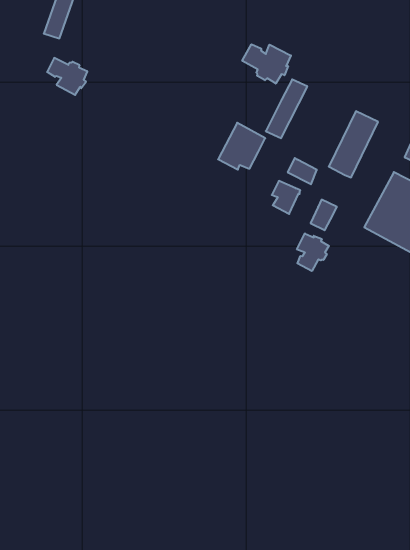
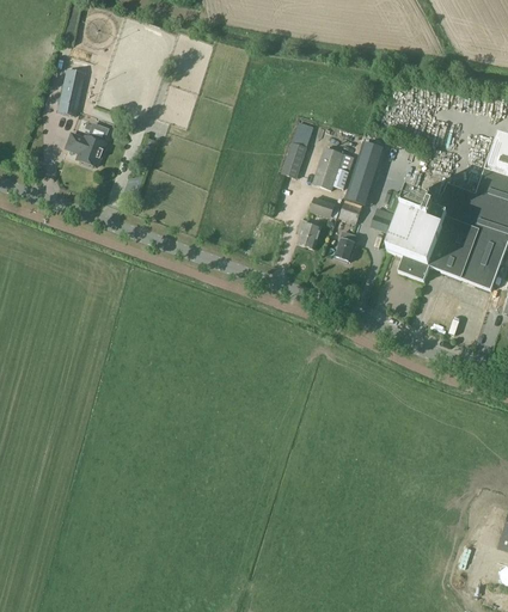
building: [242,44,291,84] -> none
building: [218,123,265,170] -> [312,147,354,191]
building: [297,233,329,271] -> none

